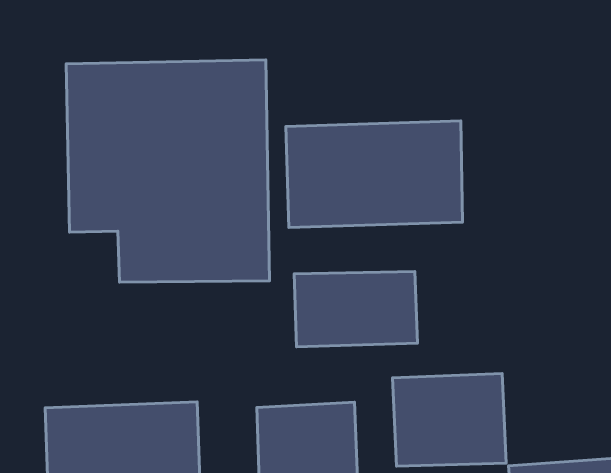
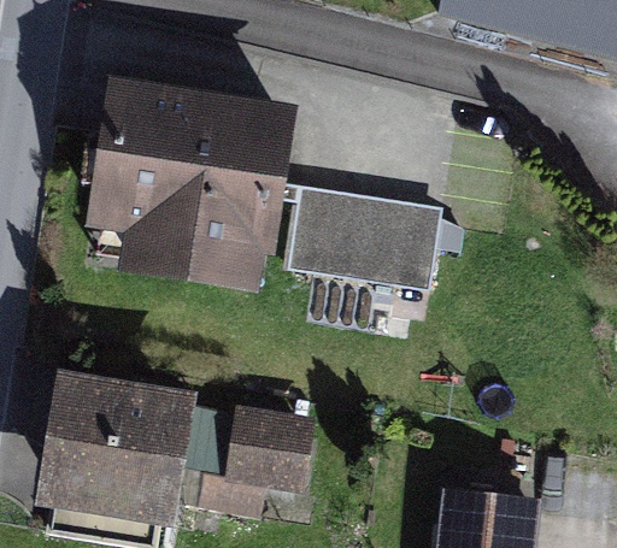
building: [294,271,418,347] -> none
building: [393,373,506,466] -> none

